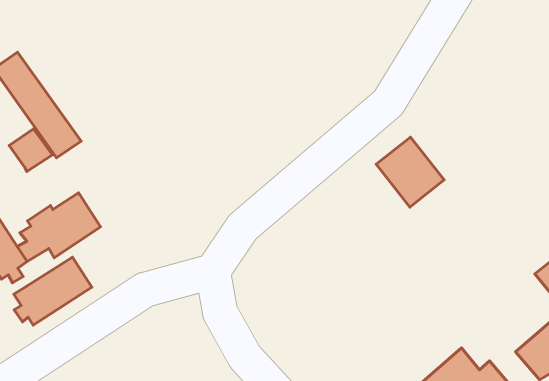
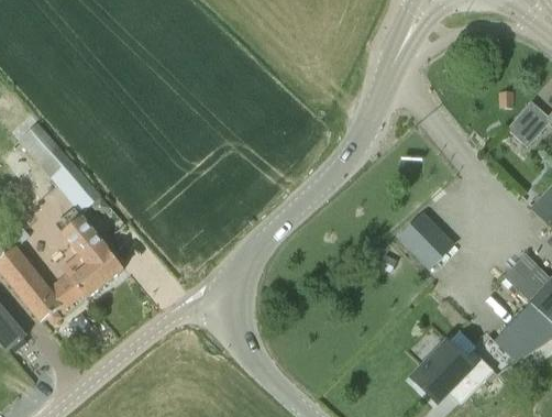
building: [9,129,53,171] -> [63,220,101,257]
building: [376,137,444,207] -> [397,206,457,266]
building: [14,257,92,325] -> none

